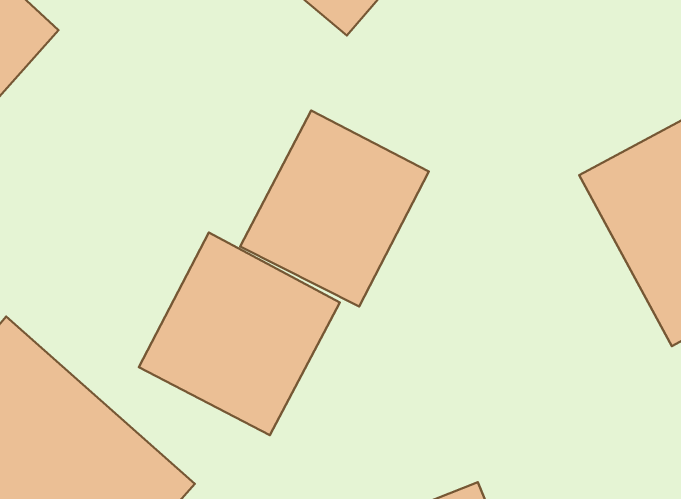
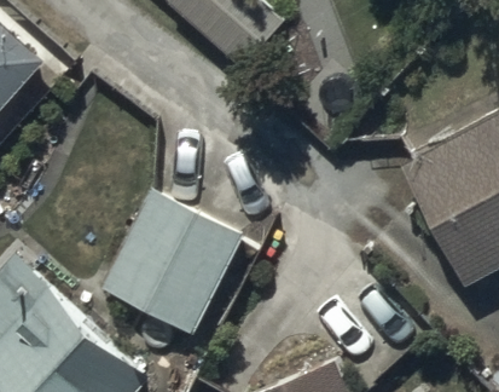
building: [240,110,429,307] -> none

